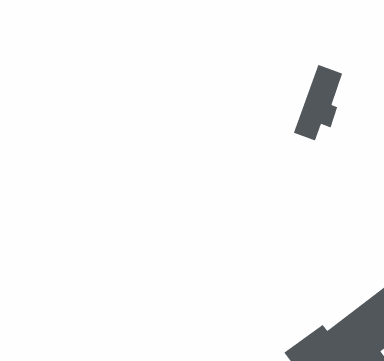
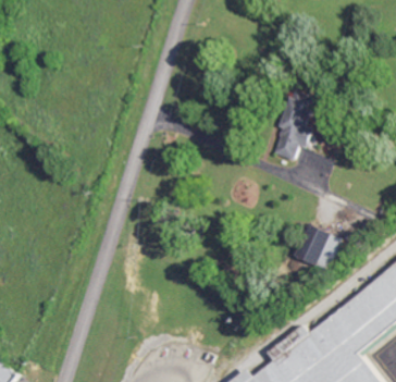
building: none -> [294,225,341,271]

